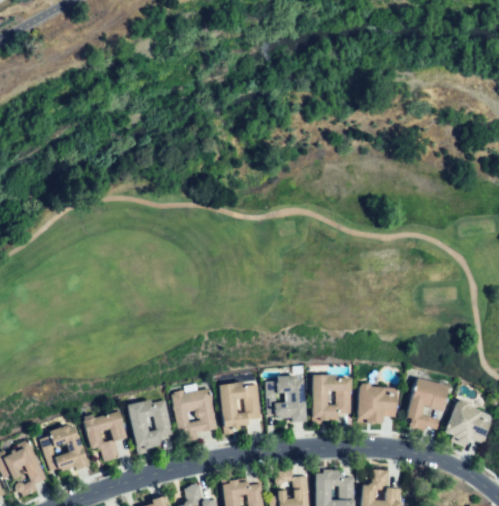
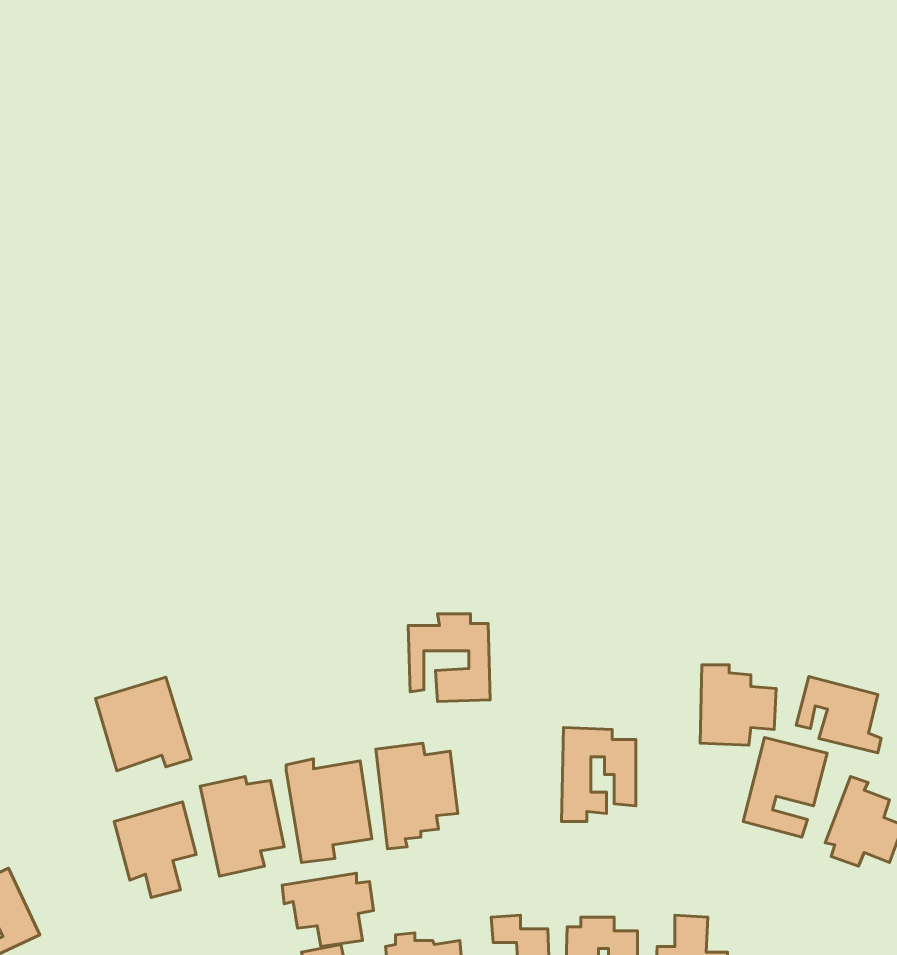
building: none -> [796,677,881,753]
building: [265,375,307,420] -> [408,614,490,702]
building: [357,383,396,424] -> [700,665,776,745]
building: [39,426,88,474] -> [95,677,191,771]
building: none -> [282,873,374,947]

